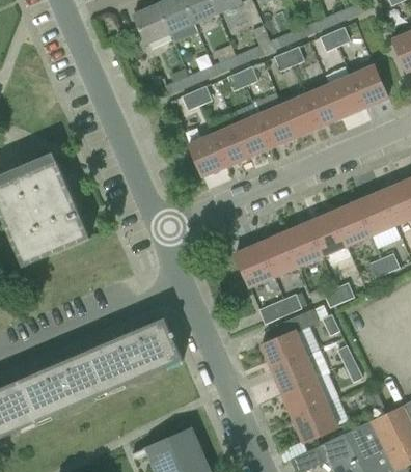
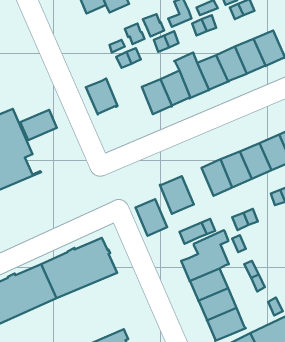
building: [189,133,227,176] -> [86,79,117,114]
building: none -> [20,110,57,140]
building: [263,231,301,276] -> [135,199,167,236]

